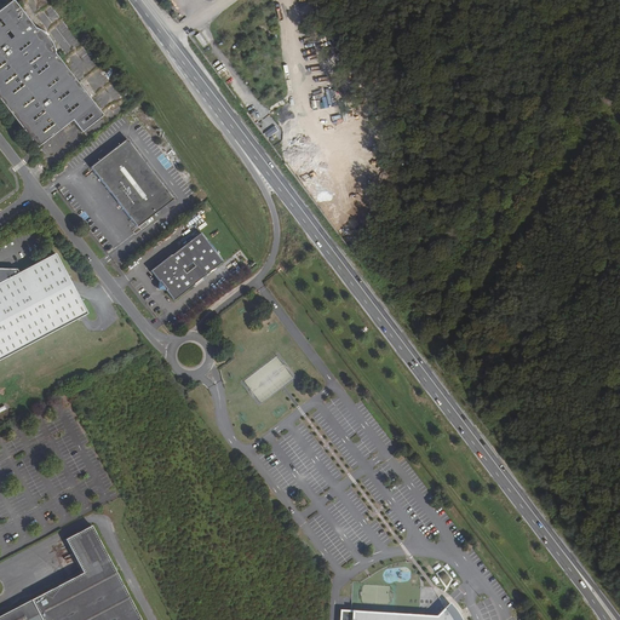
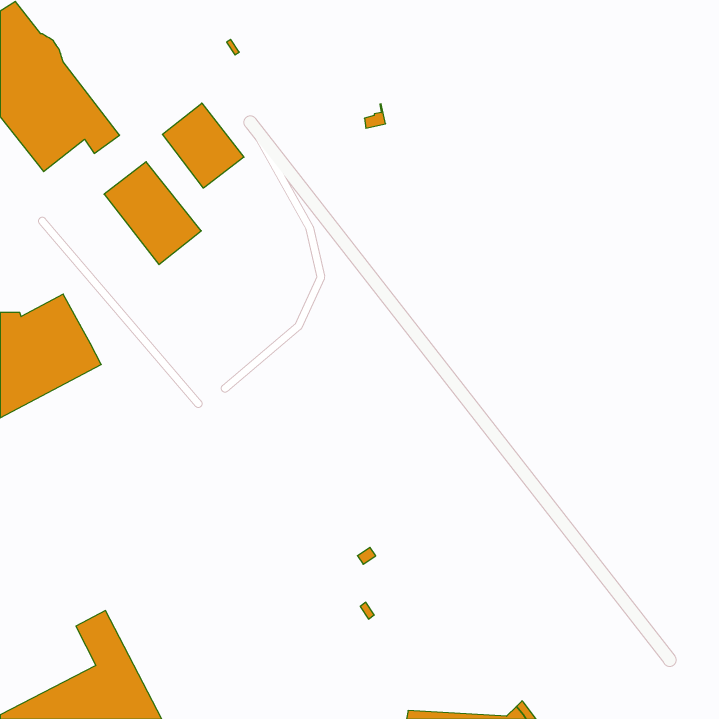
building: none -> [162,103,244,188]
building: [151,234,222,300] -> none

